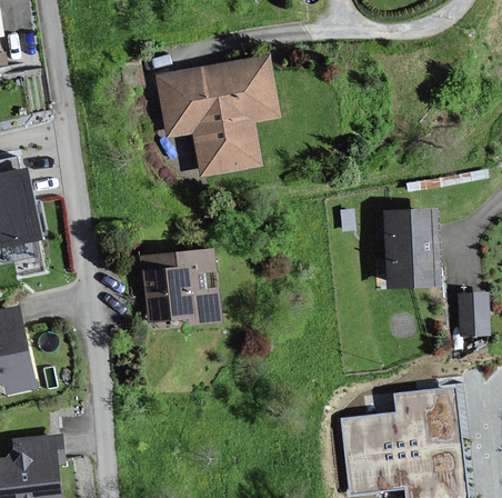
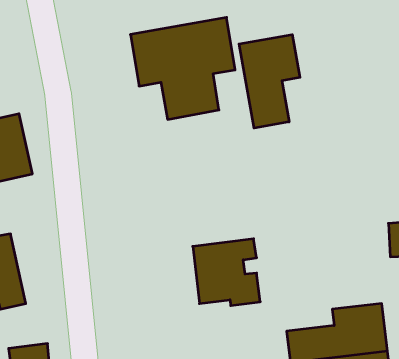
building: none -> [239,35,300,128]
building: [384,210,438,285] -> none
building: [142,247,221,325] -> [193,239,260,306]

